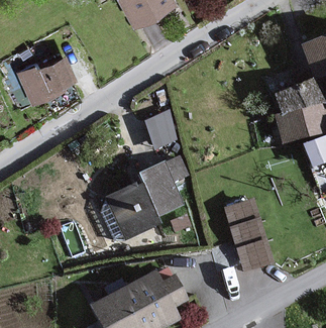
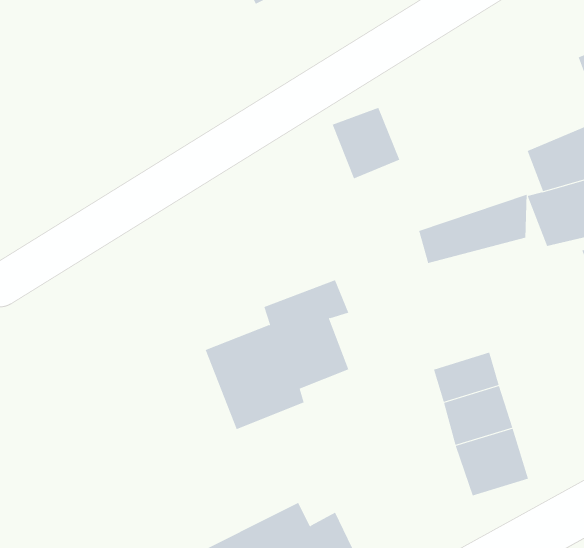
building: [17,54,72,100] -> none
building: [143,110,179,147] -> [332,107,400,179]
building: none -> [419,194,527,264]

